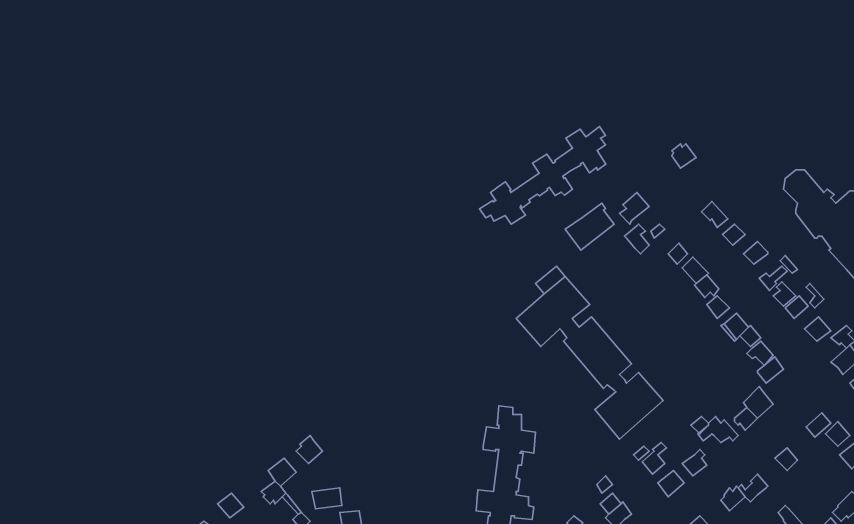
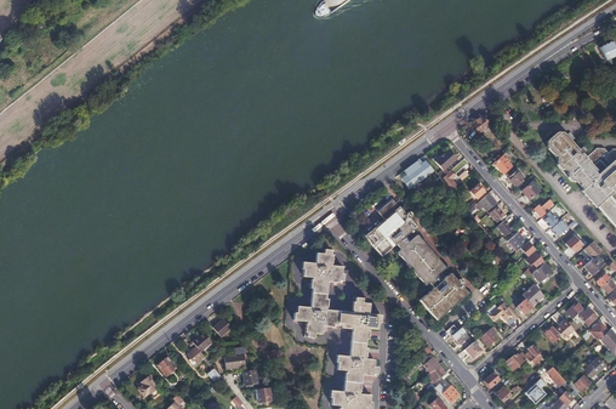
building: [480,127,606,224] -> none
building: none -> [293,249,343,336]

